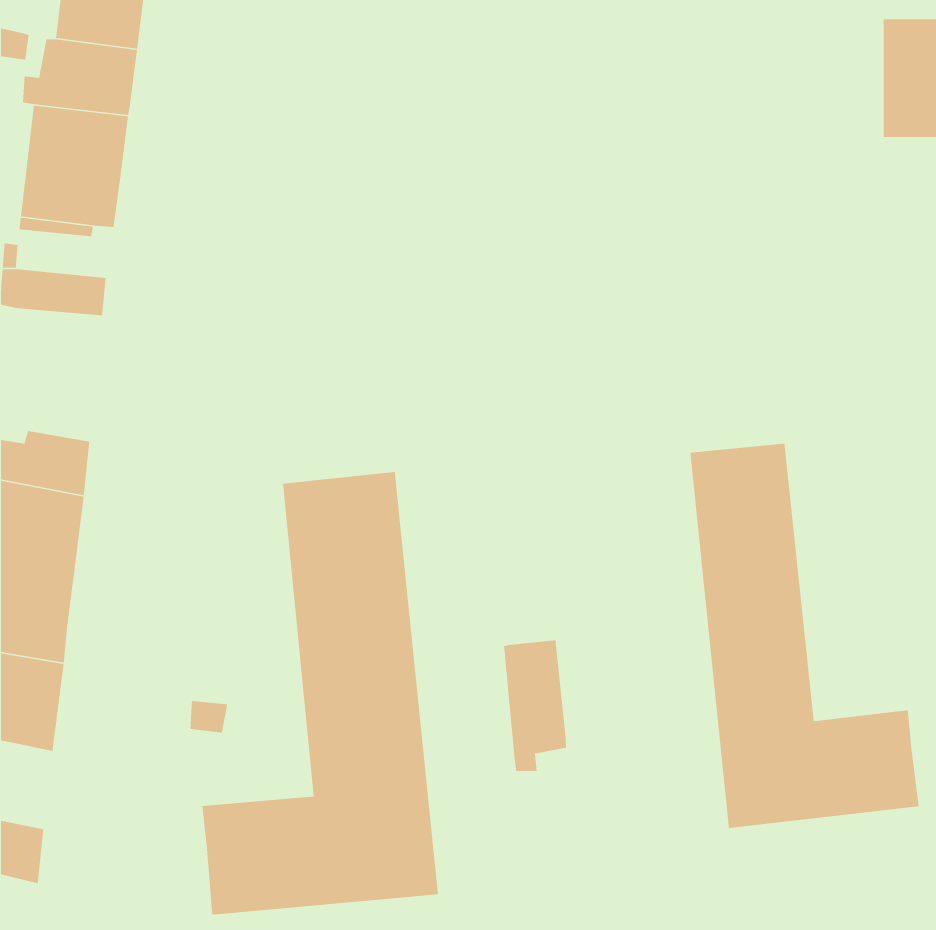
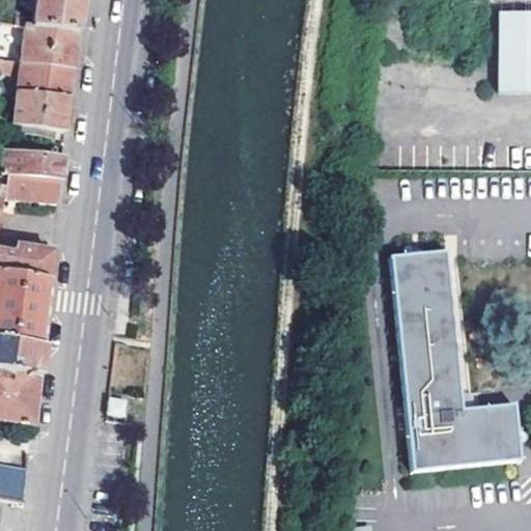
building: none -> [10,174,60,201]
building: [201,471,439,915] -> none
building: [503,639,567,772] -> none

